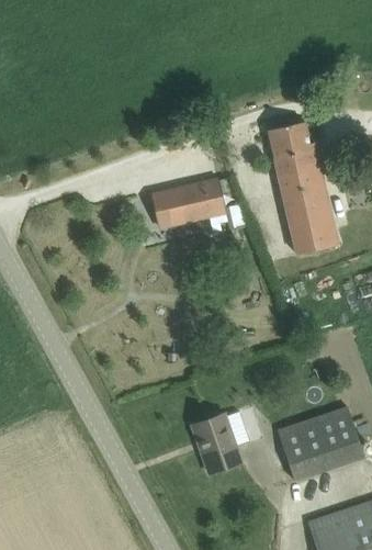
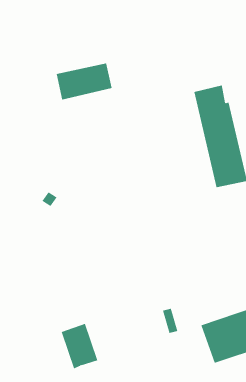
building: [155,178,228,226] -> [56,63,113,100]
building: [192,415,240,474] -> [61,323,98,369]

